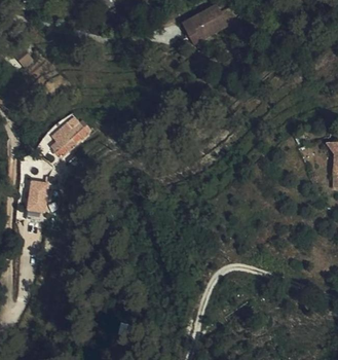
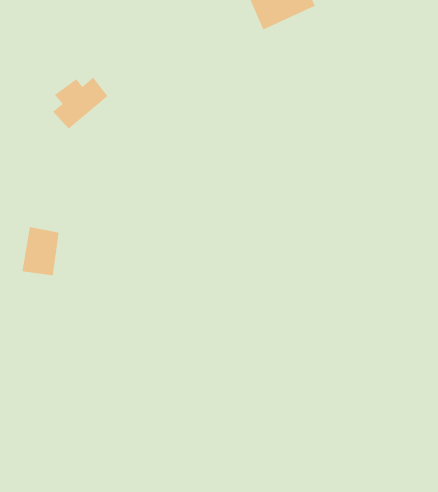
building: [50,119,88,155] -> [52,77,108,130]

